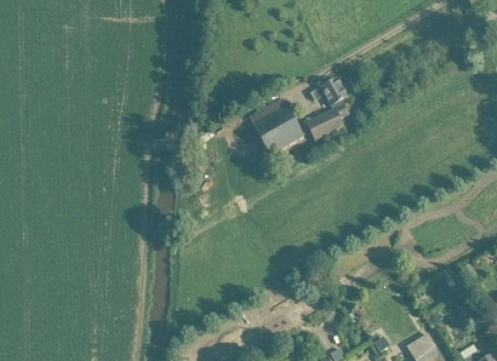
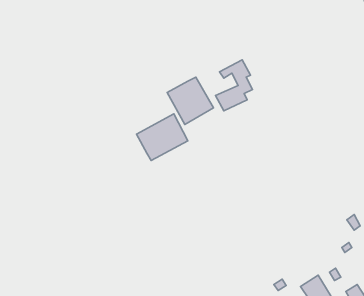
building: none -> [136,114,188,160]

